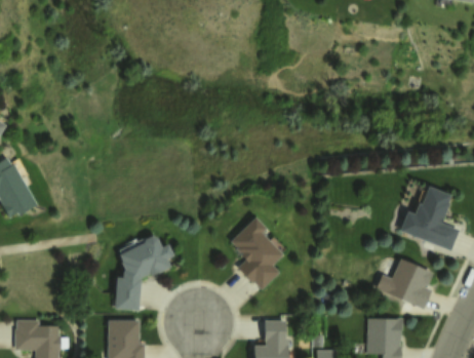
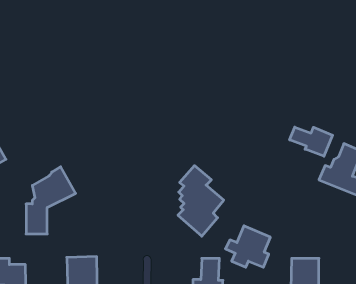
building: none -> [290,127,333,156]
building: [115,234,172,312] -> [26,167,76,234]
building: [378,258,430,307] -> [225,226,270,267]

